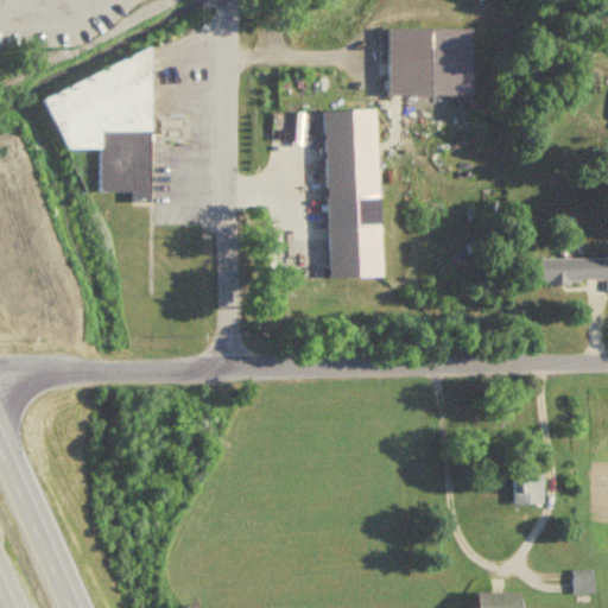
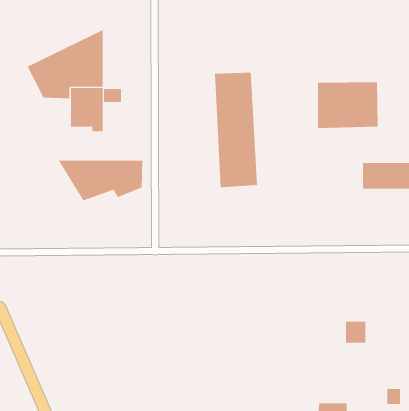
building: [385,26,475,95] -> [317,82,379,129]
building: none -> [103,88,121,103]
building: none -> [58,160,143,201]

